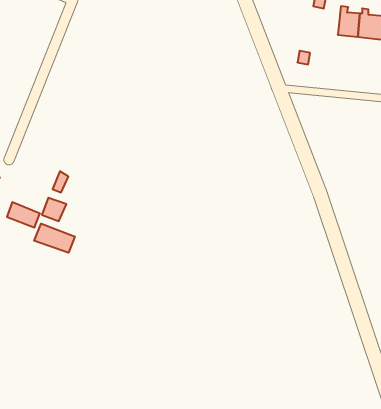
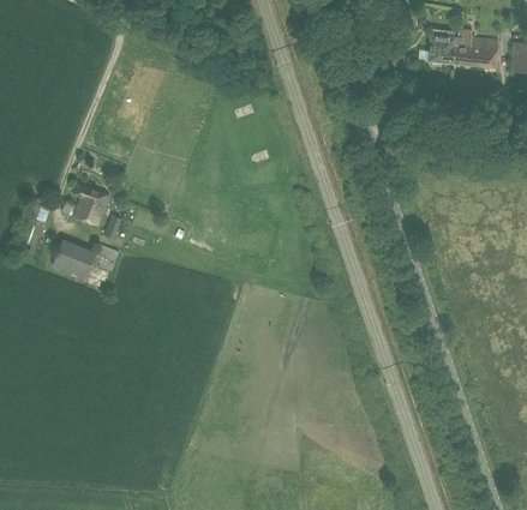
building: none -> [73,182,109,223]
building: [34,224,75,253] -> none

